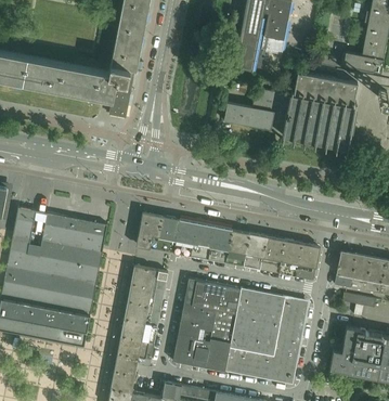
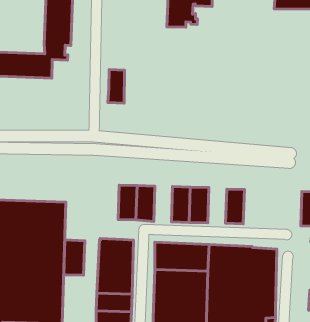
building: [224,72,358,150] -> none
building: [109,81,131,117] -> [108,69,125,103]
building: [137,211,163,249] -> [64,240,85,275]
building: [191,222,215,260] -> none
building: [244,232,268,270] -> none
building: [278,240,320,280] -> none

